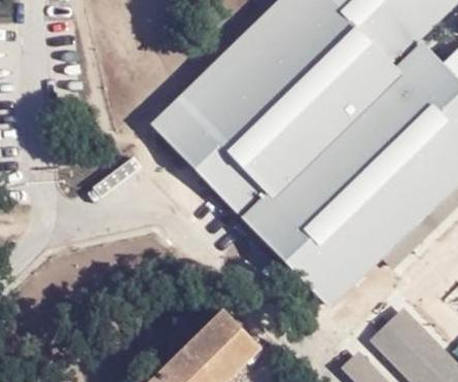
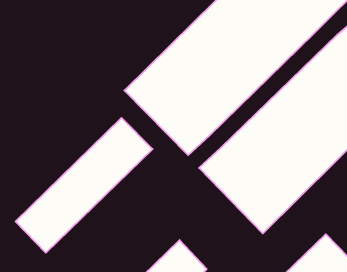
building: [260,54,416,201] -> none
building: none -> [16,118,153,253]

